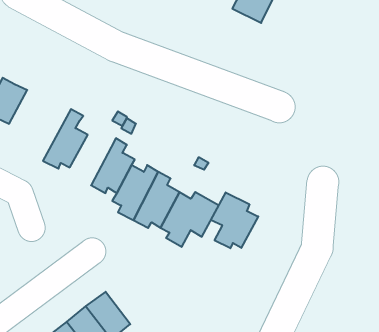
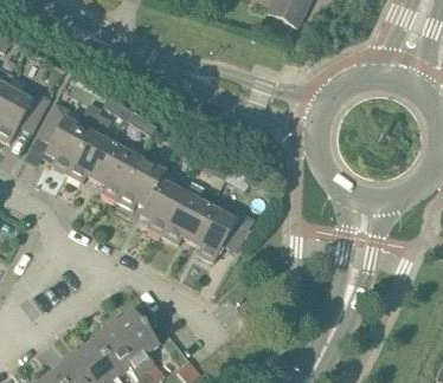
building: none -> [36,99,101,171]
building: none -> [95,142,143,197]
building: [211,192,258,248] -> none

